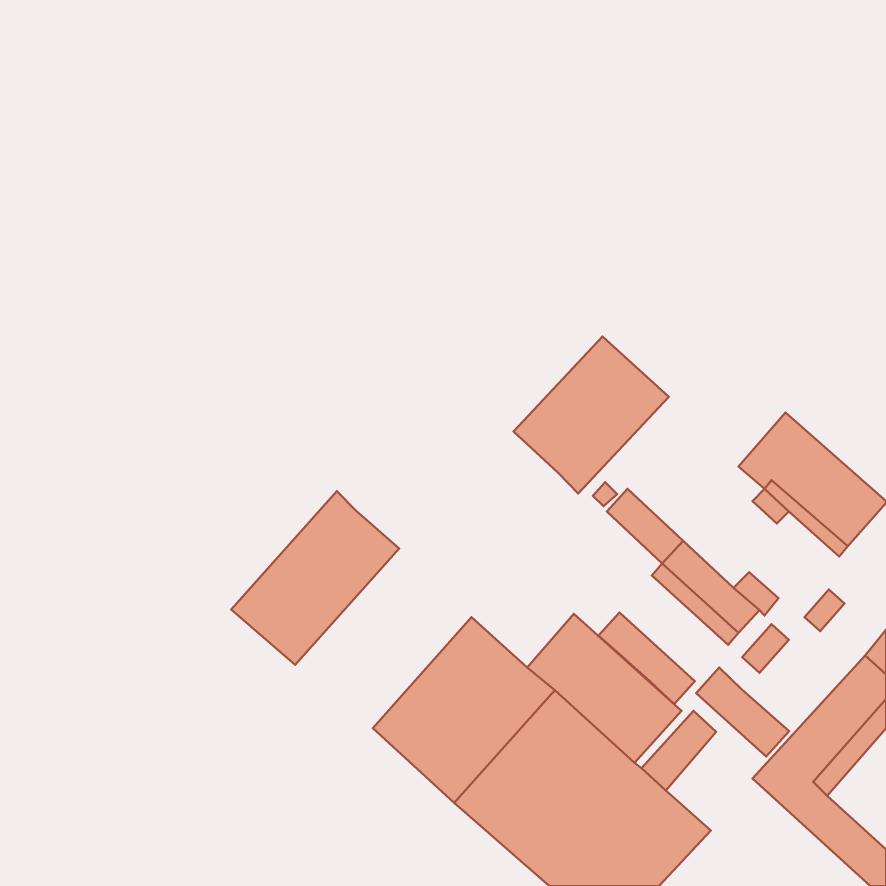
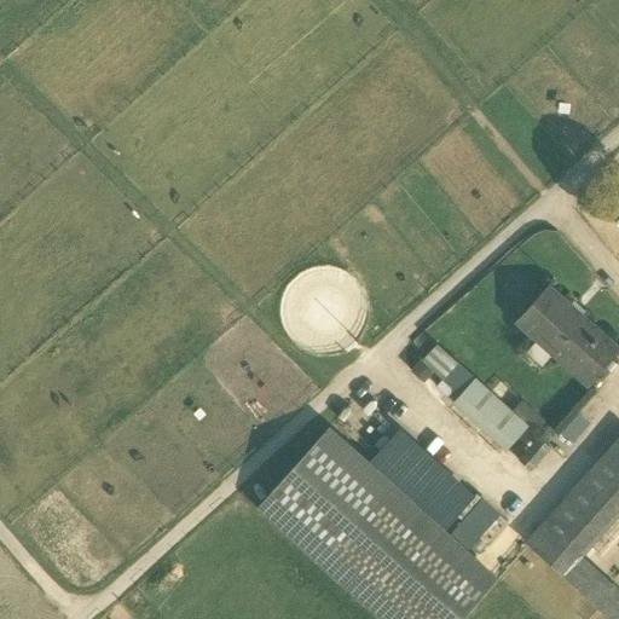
building: [513,336,669,494] -> none
building: [231,491,399,665] -> none
building: [599,612,695,704] -> none
building: [696,668,789,757] -> none

